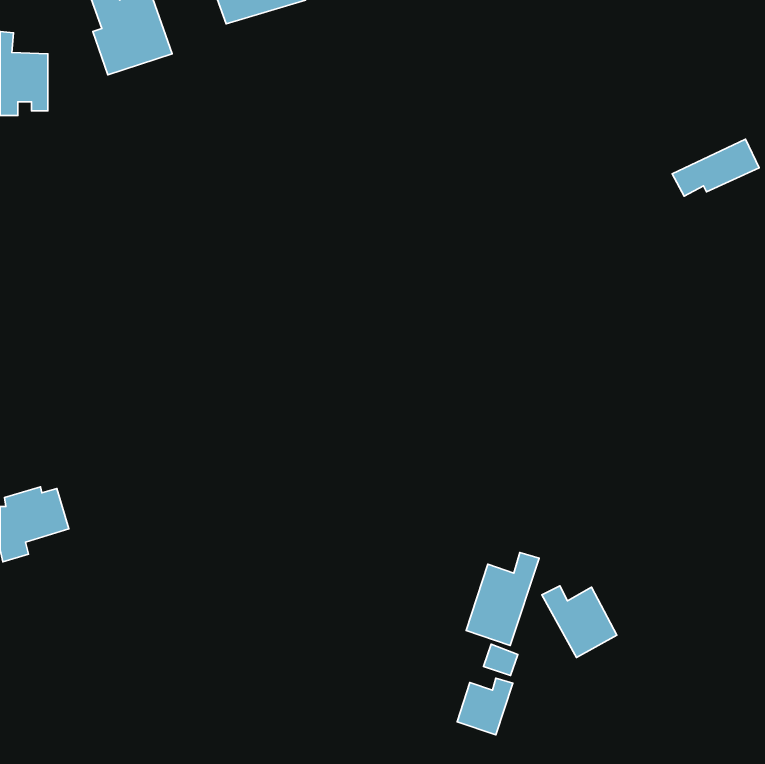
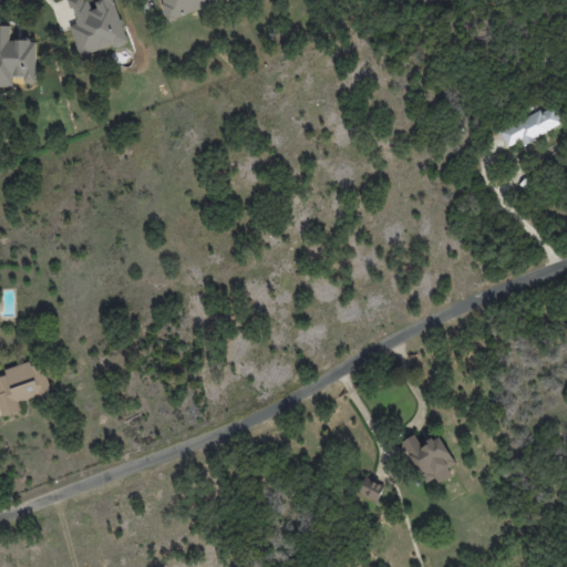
building: [466,553,539,646] -> none
building: [457,678,513,735] -> none

